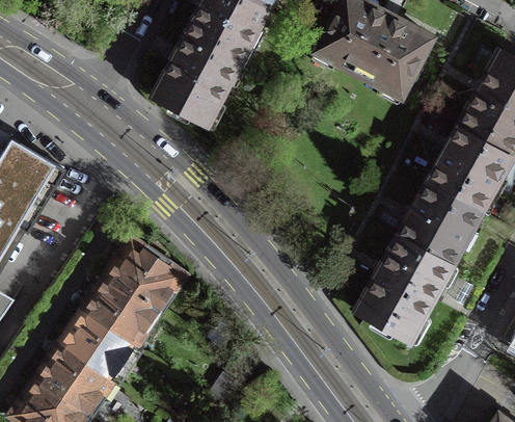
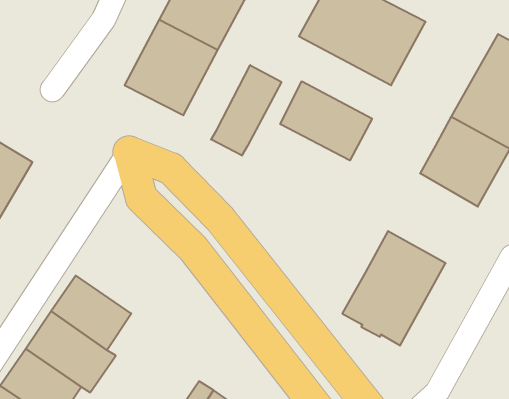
building: none -> [211,65,281,156]
building: none -> [280,81,372,160]
building: [398,180,482,264] -> none
building: [106,239,183,311] -> none

